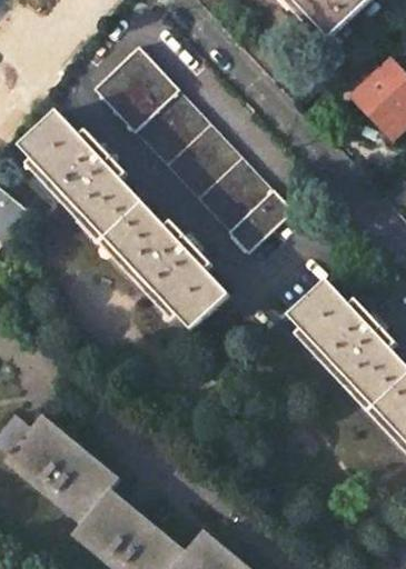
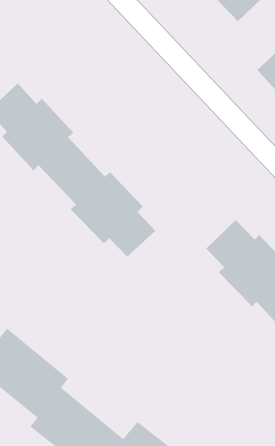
building: [93,48,290,253] -> none

